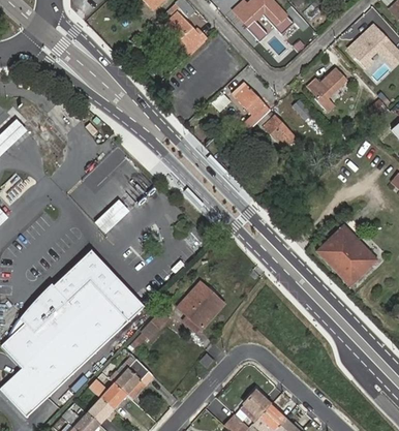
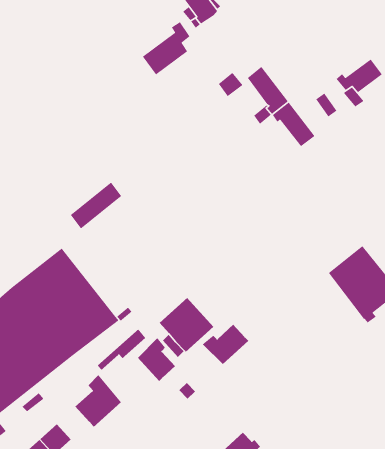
building: none -> [142,21,190,76]
building: none -> [202,324,249,365]
building: none -> [137,337,176,382]
building: [100,381,127,409] -> none

